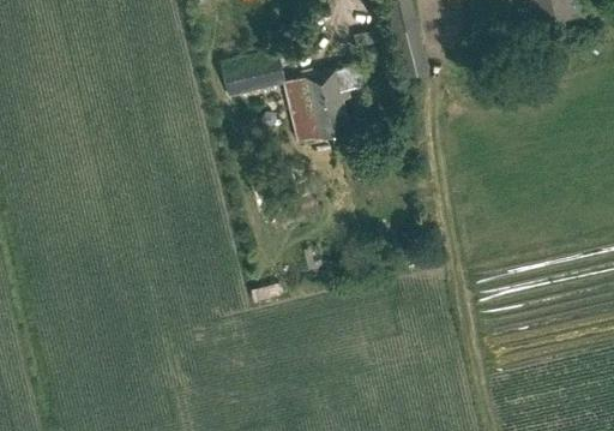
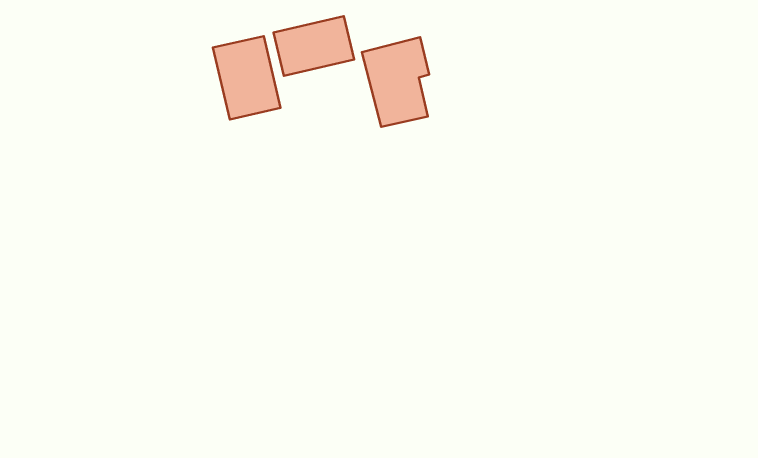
building: none -> [213,36,281,119]

